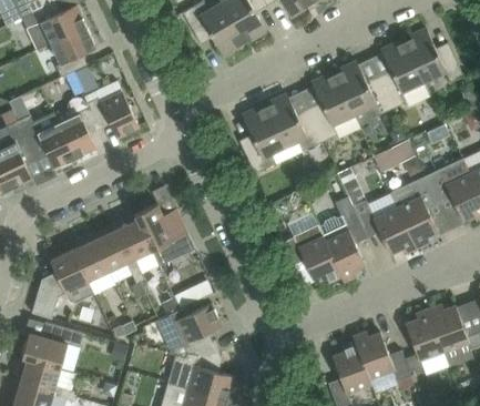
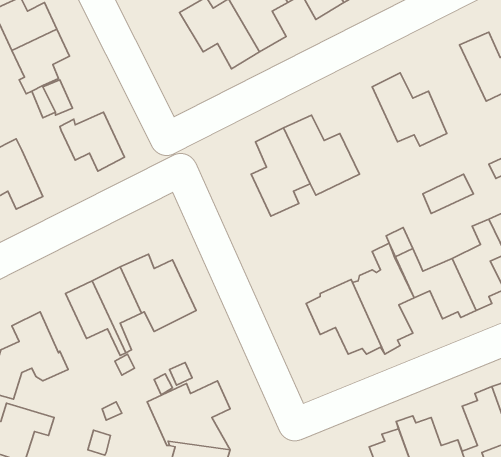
building: [378,39,423,109] -> none
building: [308,72,354,141] -> none
building: [58,99,100,159] -> none
building: [72,235,109,282] -> none

